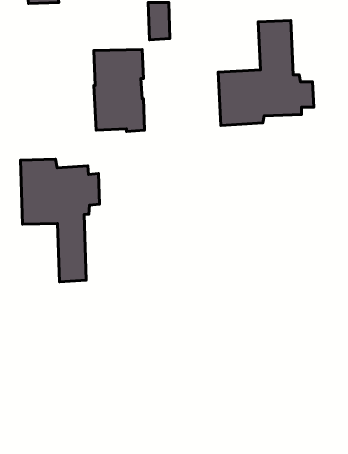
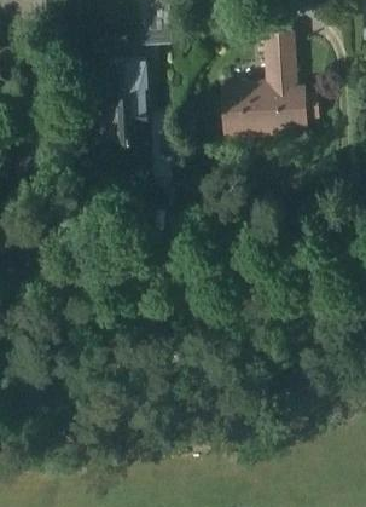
building: [21,159,99,282] -> none

